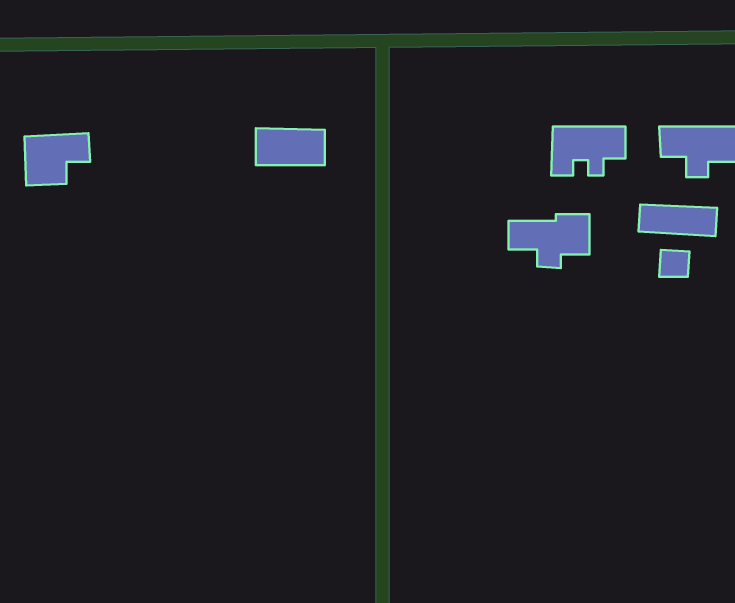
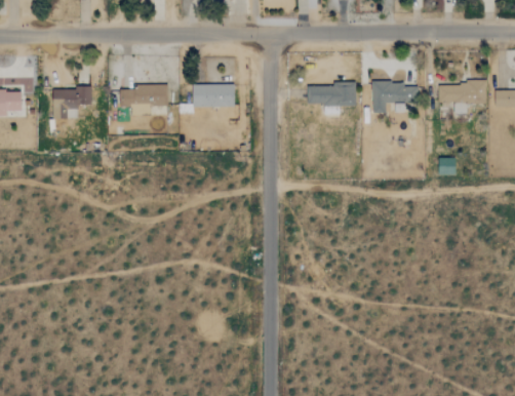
building: none -> [121,85,167,114]
building: [639,204,717,236] -> none
building: [508,214,589,268] -> [307,81,356,114]

